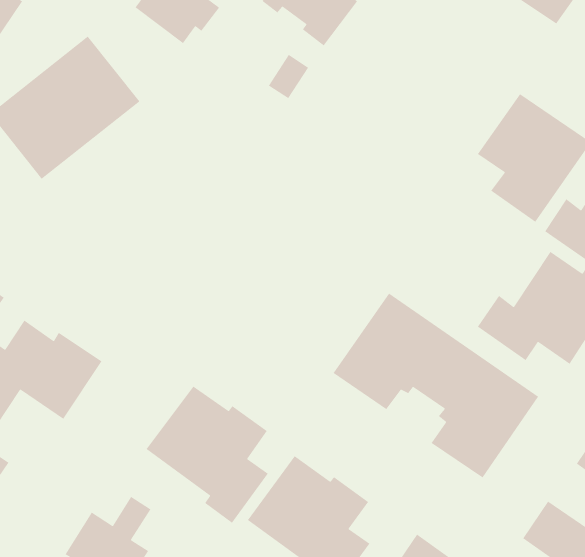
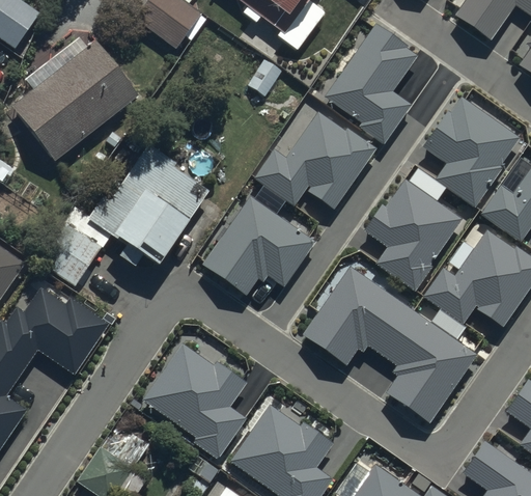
building: none -> [324,22,419,142]
building: none -> [256,110,376,206]
building: none -> [37,149,208,290]
building: none -> [364,177,464,287]
building: none -> [201,193,315,295]

